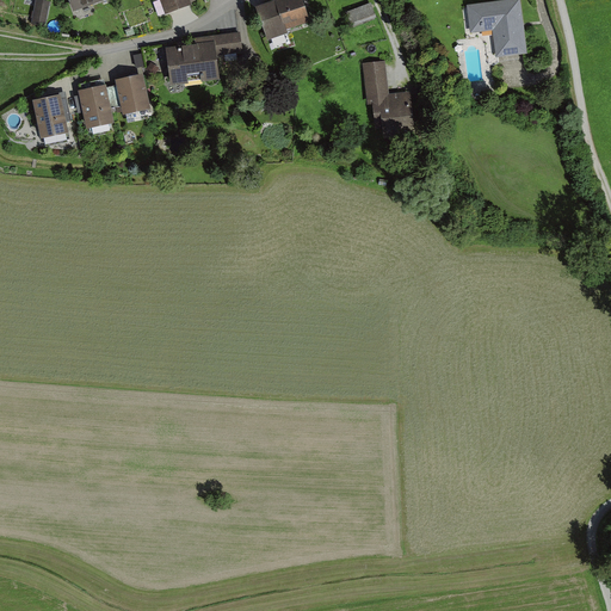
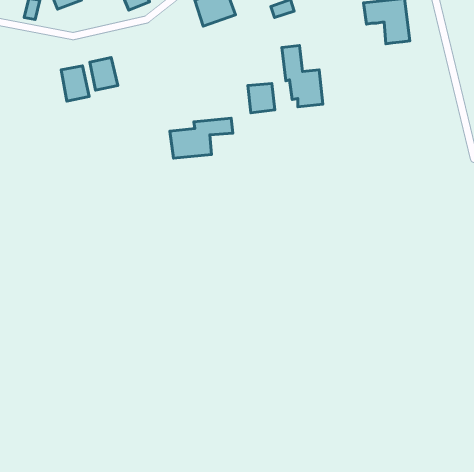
building: [159,29,240,80] -> [170,118,233,158]
building: [33,95,69,140] -> none
building: none -> [248,84,275,113]

